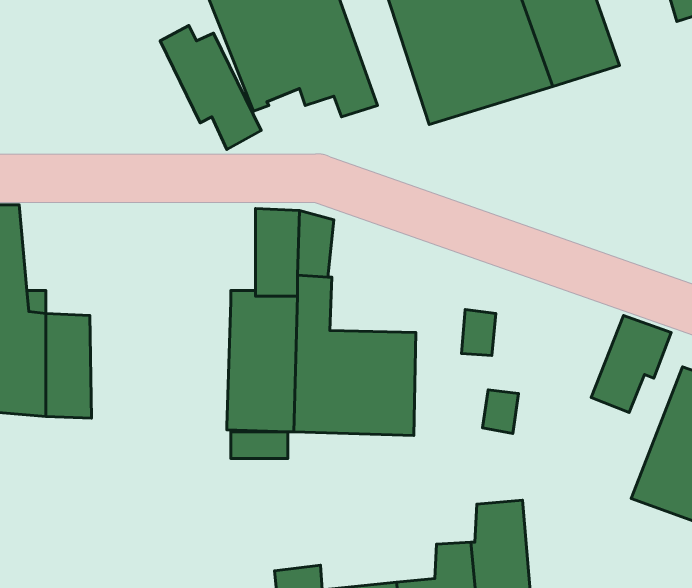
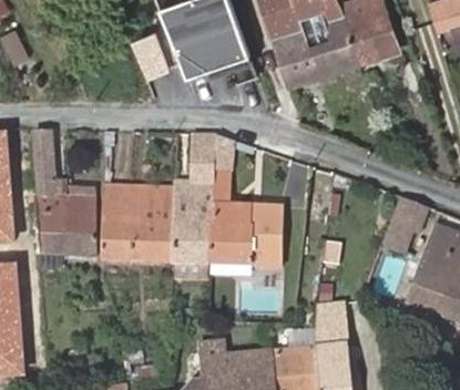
building: none -> [102,186,173,260]

